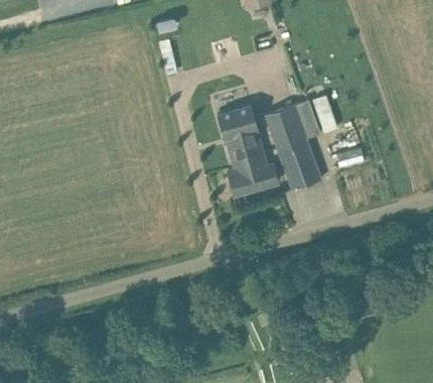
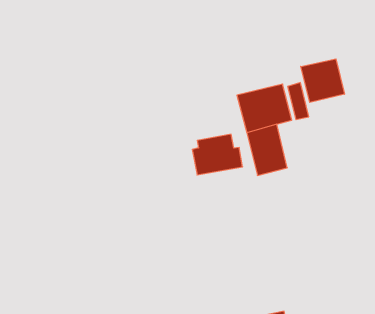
building: none -> [301,59,344,102]
building: [218,105,264,163] -> none

